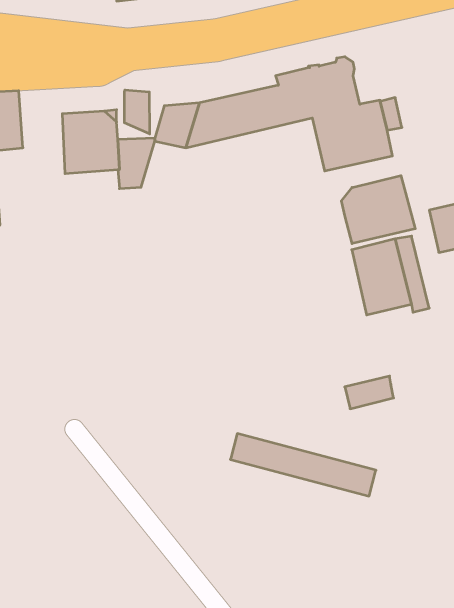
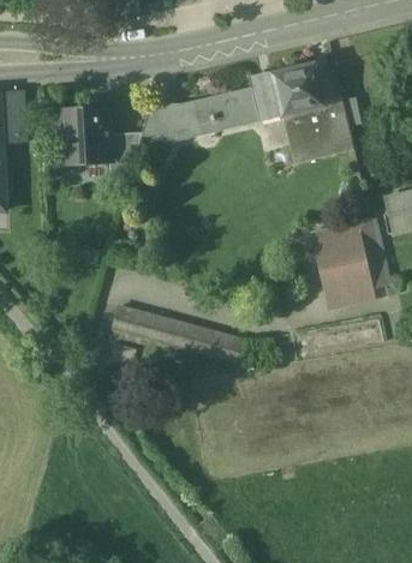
building: [124,90,150,134] -> none
building: [341,176,415,244] -> none
building: [345,376,394,409] -> [330,278,374,307]
building: [230,434,376,496] -> [113,305,241,360]

